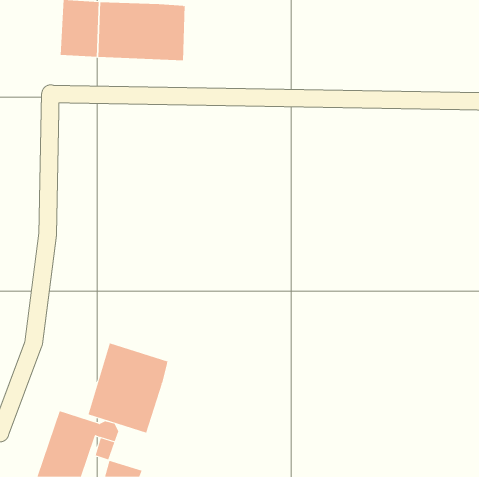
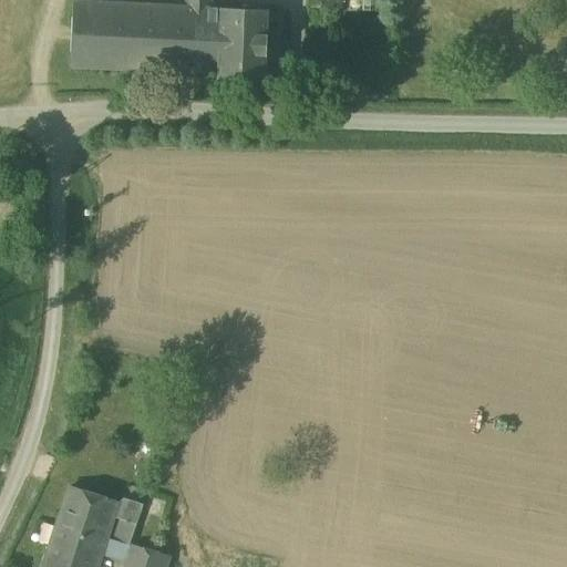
building: none -> [217,7,270,79]
building: [88,343,168,433] -> none

